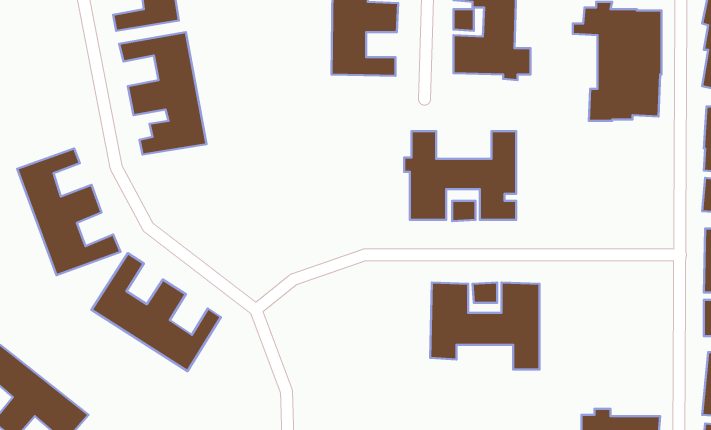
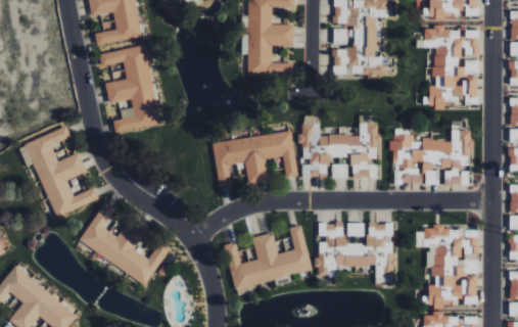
building: none -> [392,130,472,186]
building: none -> [213,132,297,189]
building: none -> [224,225,312,295]
building: none -> [416,226,478,308]

